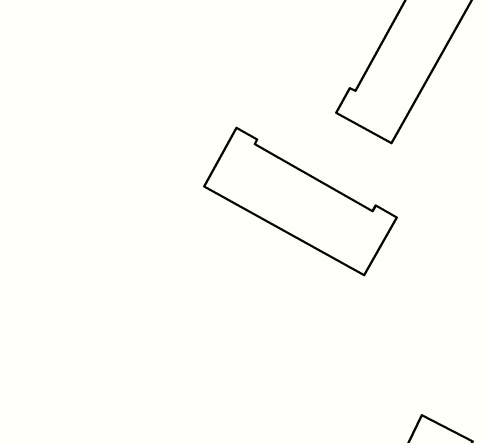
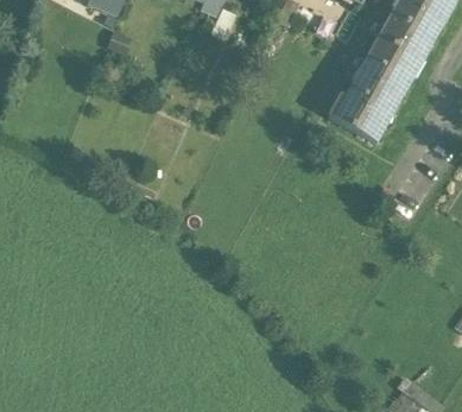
building: [204,128,397,275] -> none

